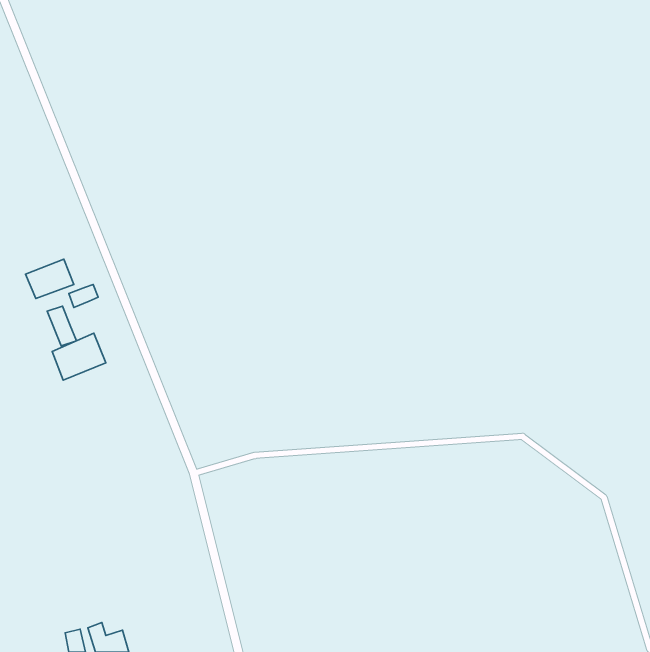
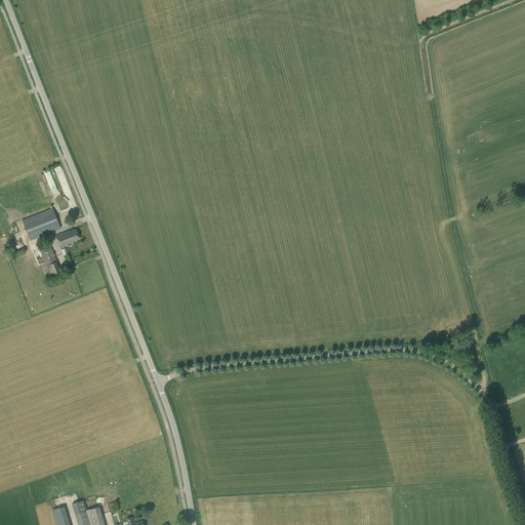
building: [52,333,106,380] -> none

